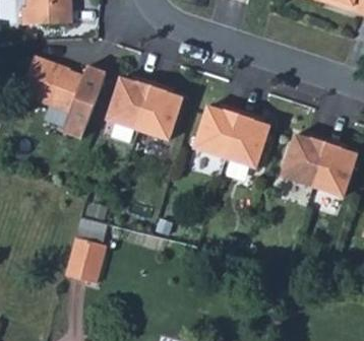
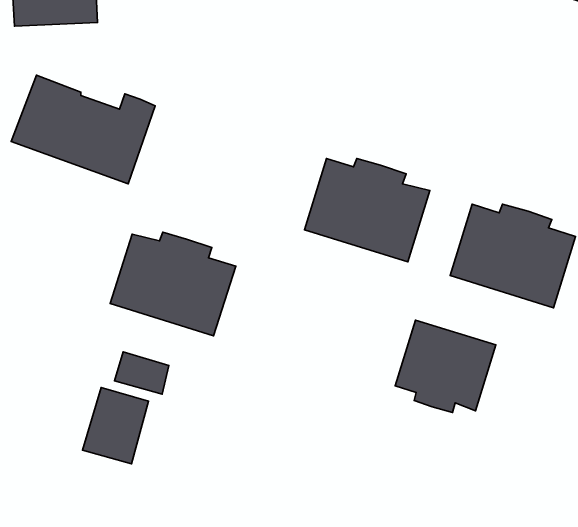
building: [108,78,183,140] -> [110,232,236,336]
building: none -> [395,320,496,412]

